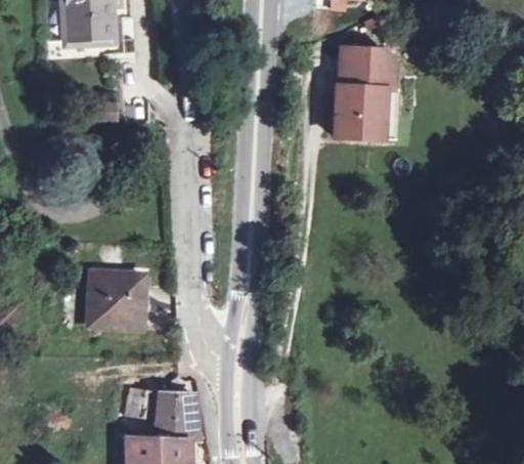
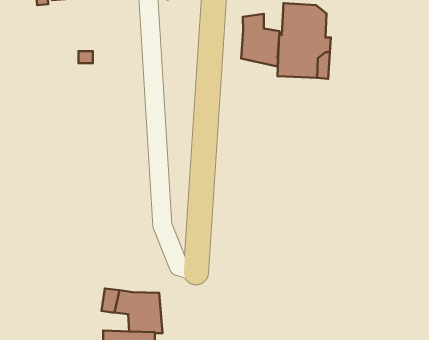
building: none -> [241,14,279,66]
building: [87,272,142,329] -> none

